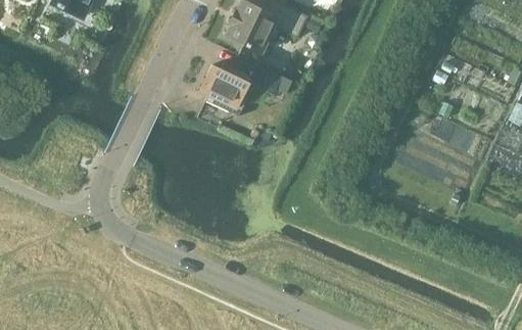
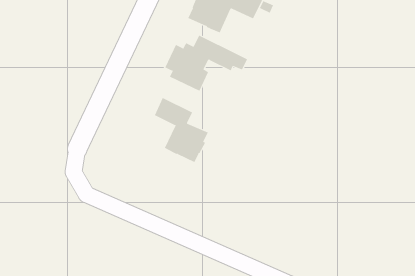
building: none -> [154,97,209,163]

